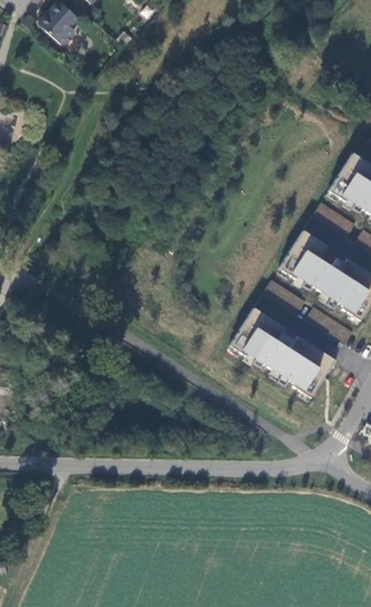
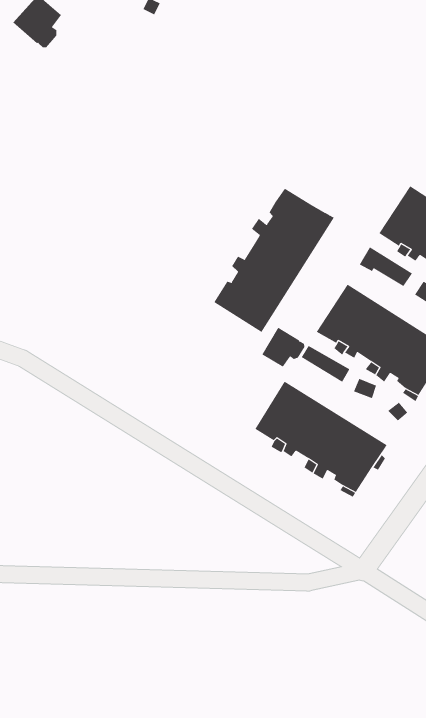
building: none -> [213,188,335,333]
building: none -> [262,327,305,368]

